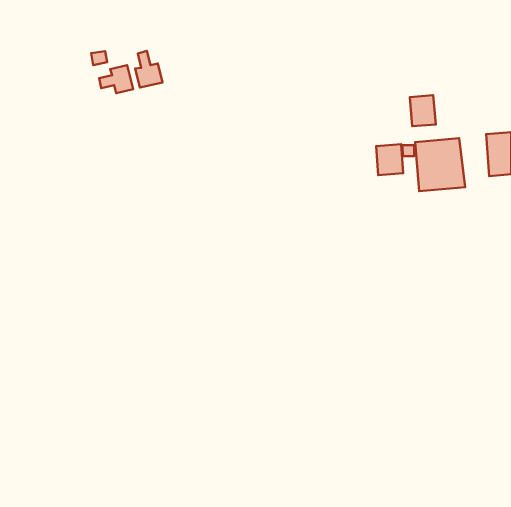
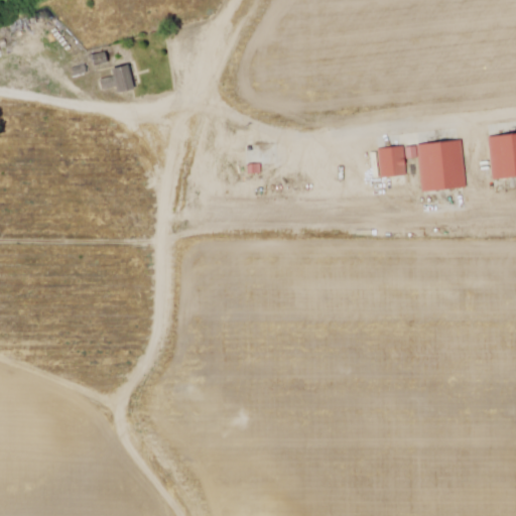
building: [135,51,162,87] -> none
building: [410,95,436,126] -> none

